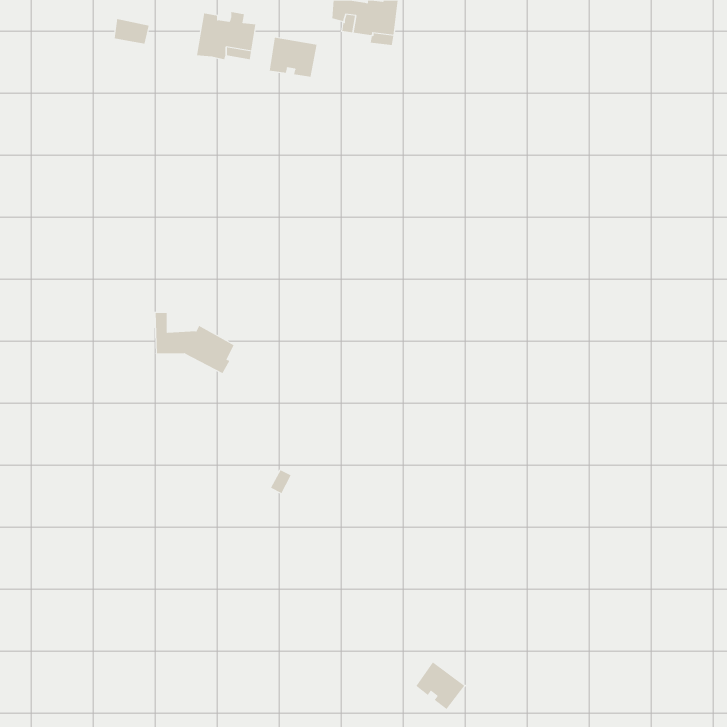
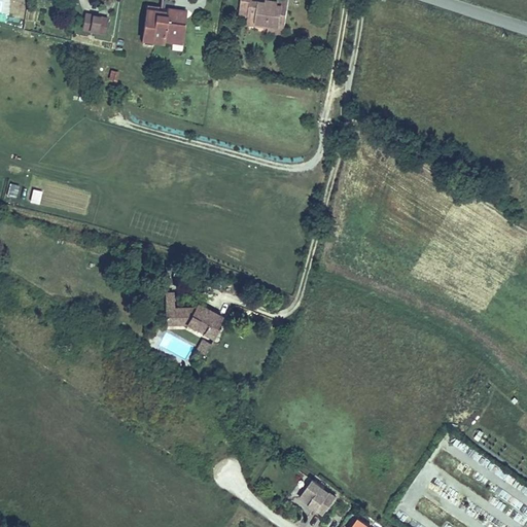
building: [269,37,317,77] -> none
building: [155,313,234,374] -> [165,293,222,338]

